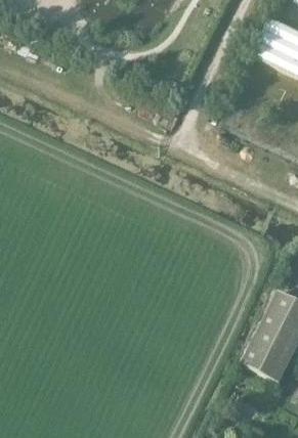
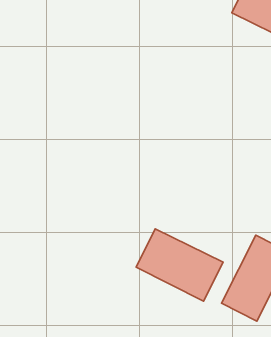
building: none -> [136,229,223,301]

